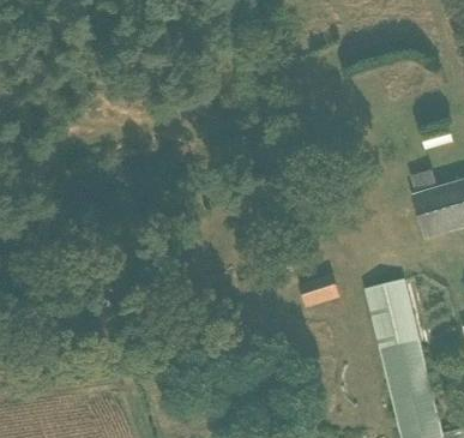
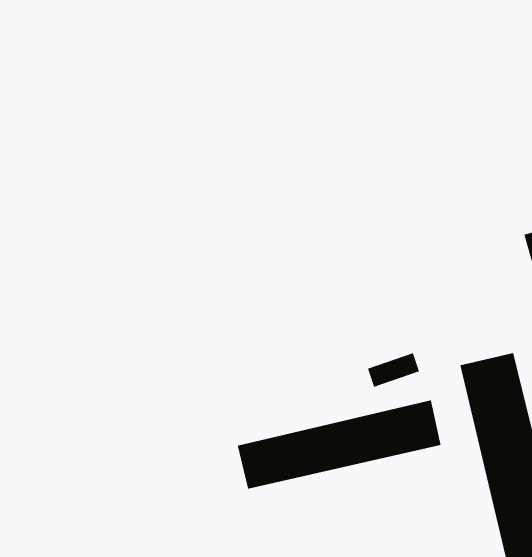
building: none -> [237,399,441,490]

